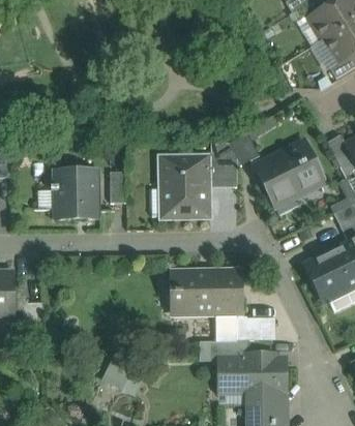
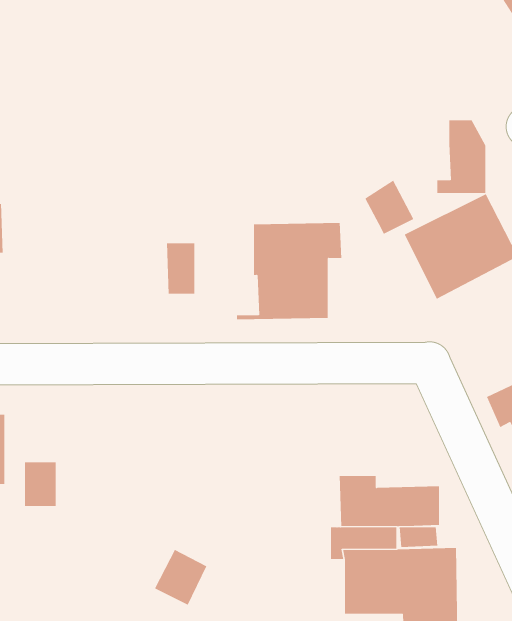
building: [207,143,237,187] -> [436,120,486,193]
building: [50,171,94,215] -> none
building: [174,274,236,310] -> none

